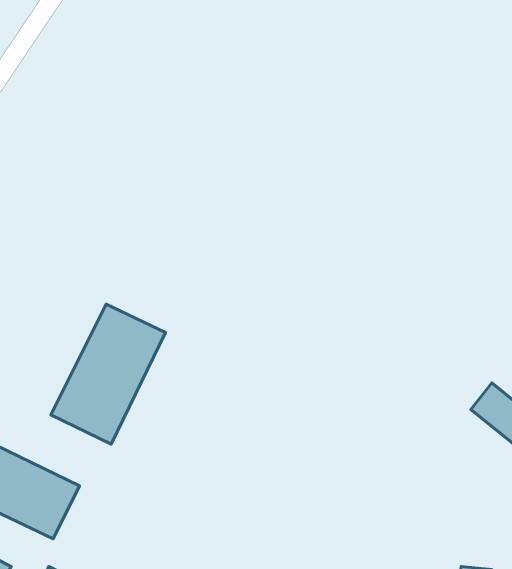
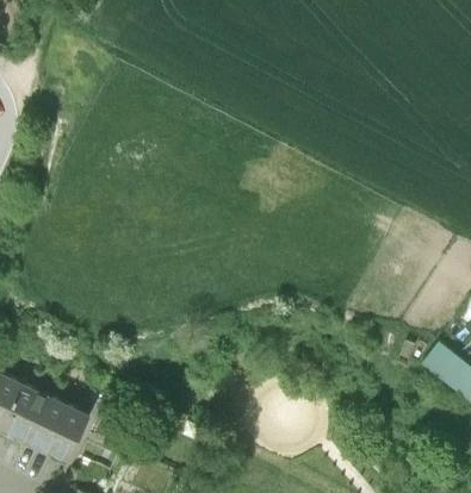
building: [51,304,165,444] -> none

